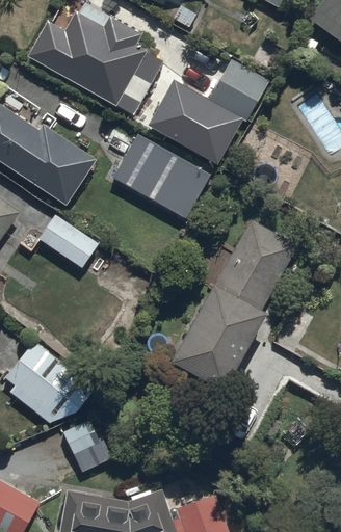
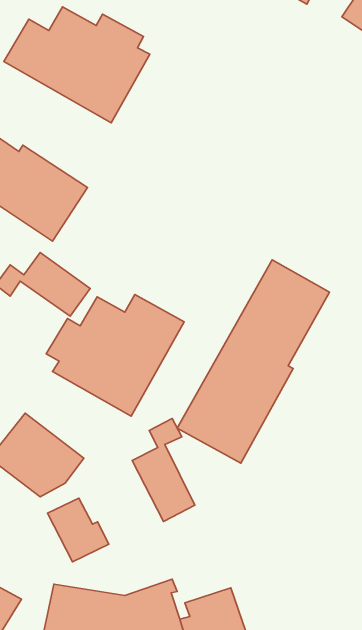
building: [149,59,269,164] -> none
building: [112,134,211,220] -> none
building: none -> [46,295,184,416]
building: none -> [132,418,195,521]

